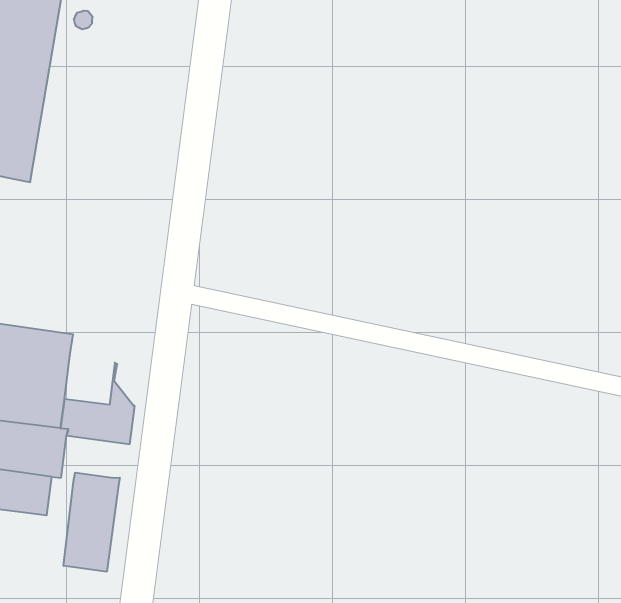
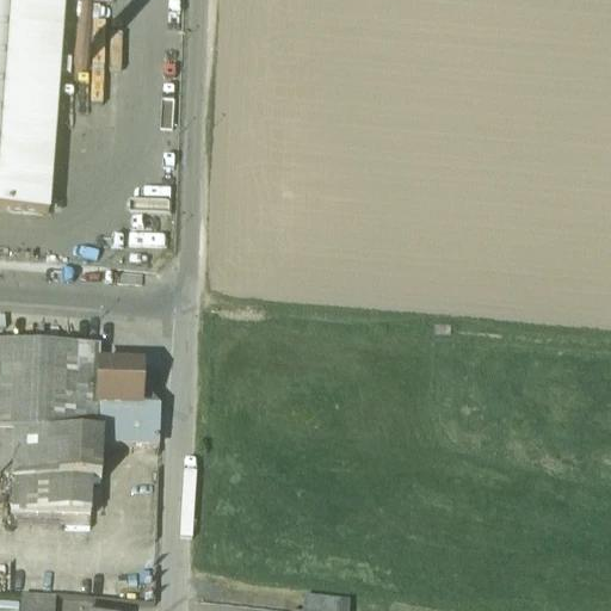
building: none -> [94,364,136,405]
building: [64,473,120,572] -> none

